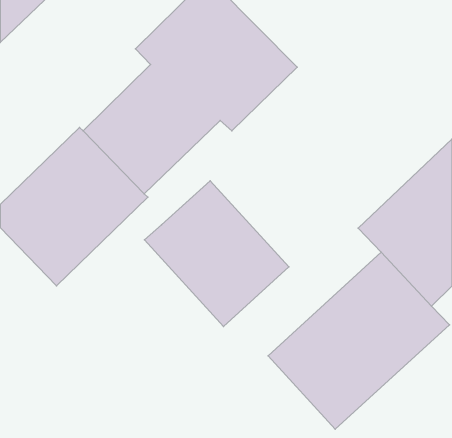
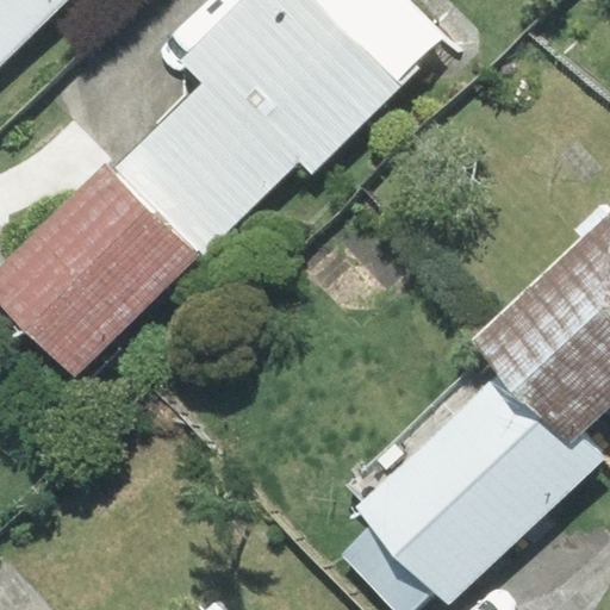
building: [144,181,289,326] -> none

